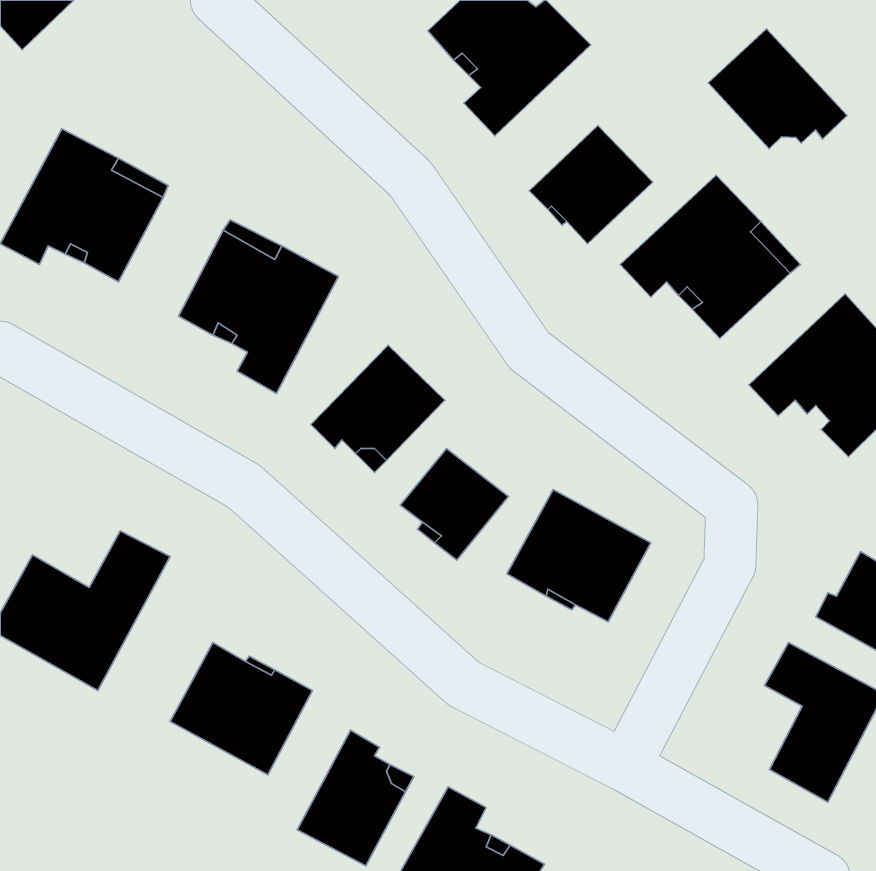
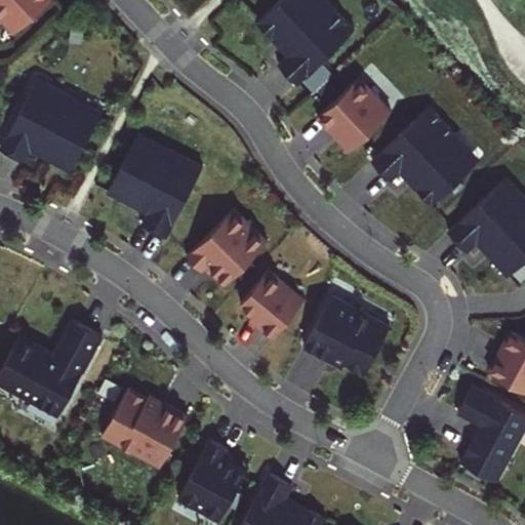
building: [708,29,847,149] -> none

